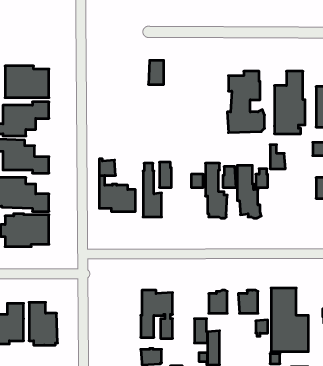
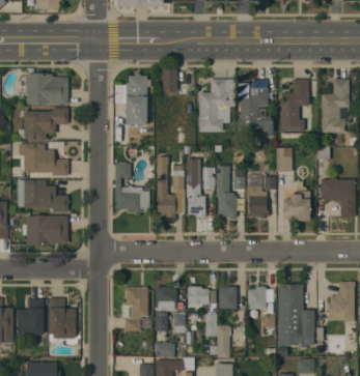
building: none -> [114,73,151,124]
building: none -> [198,79,234,132]
building: none -> [186,158,205,216]
building: none -> [282,191,309,221]
building: none -> [122,286,147,334]
building: none -> [188,286,216,310]

